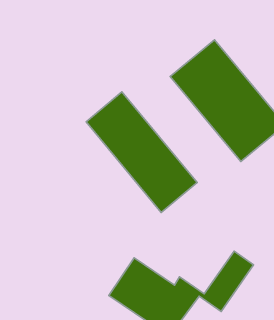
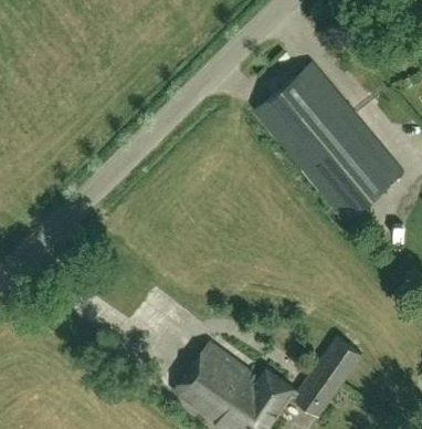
building: [86,92,197,213] -> none

